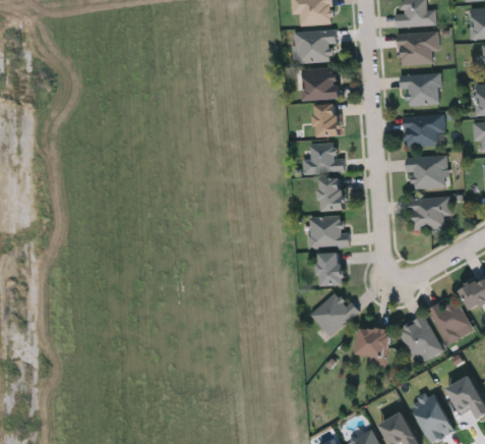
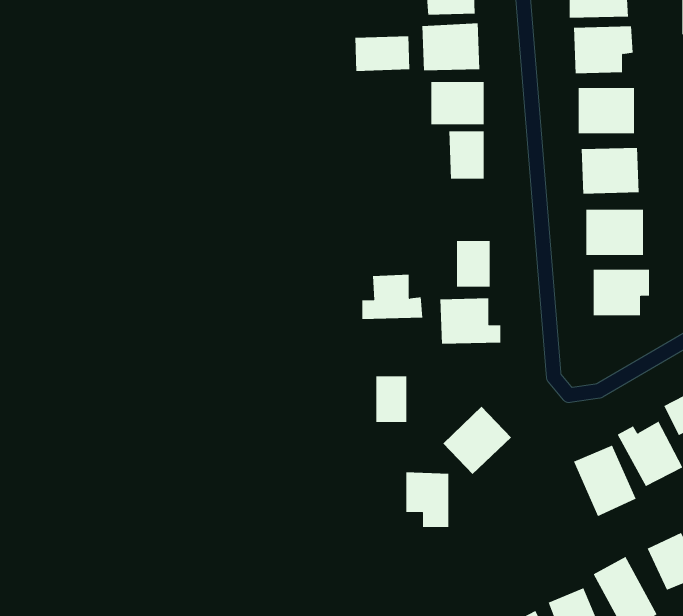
building: none -> [355,35,410,72]
building: [302,143,344,173] -> [362,274,423,319]
building: [318,253,340,284] -> [376,376,407,422]
building: [357,327,386,365] -> [406,472,449,528]

